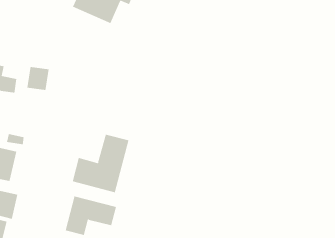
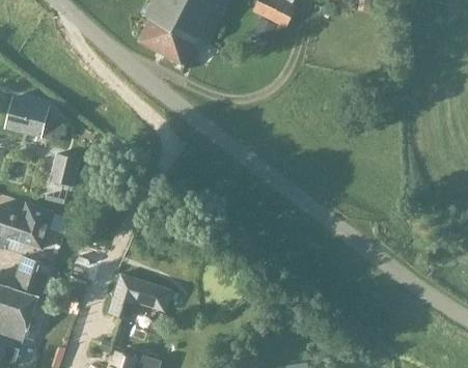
building: [27,66,50,90] -> [49,155,79,187]
building: [72,134,129,193] -> none

